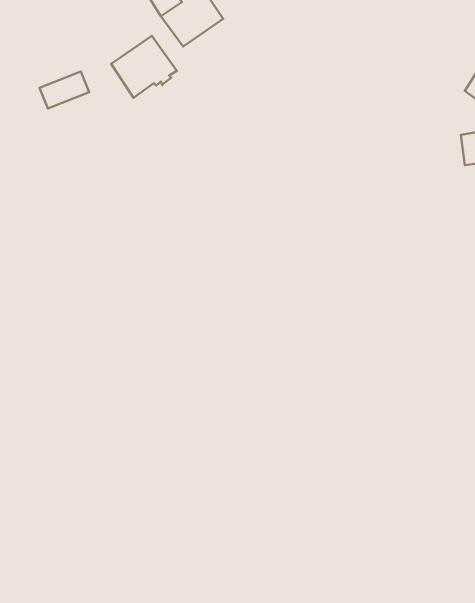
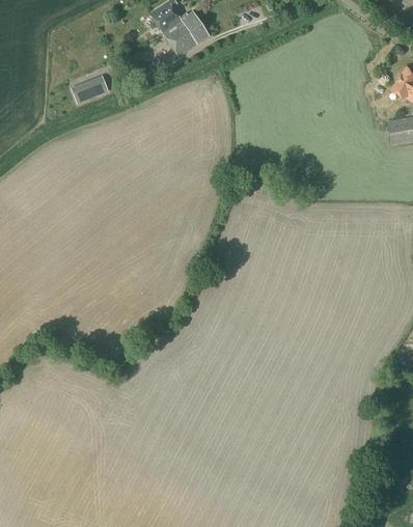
building: [111,36,177,98] -> none

